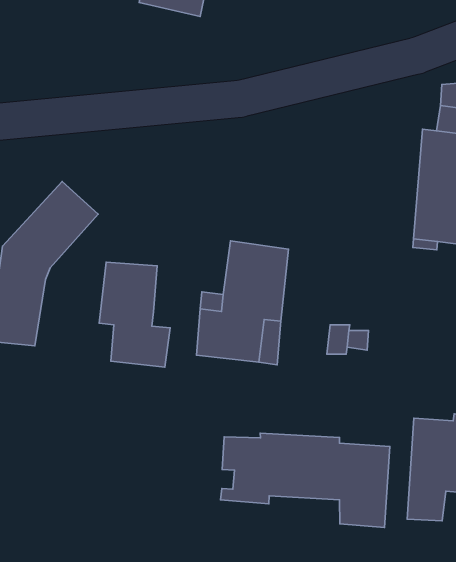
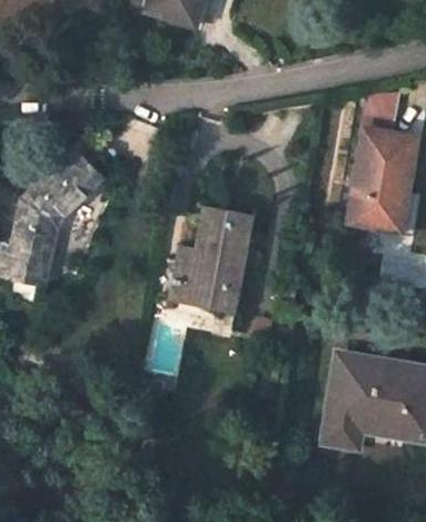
building: [99,262,170,367] -> none
building: [220,433,390,527] -> none

